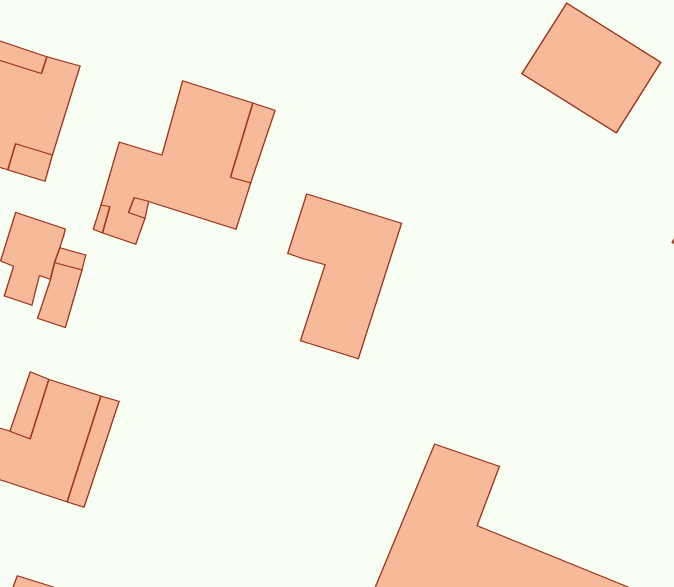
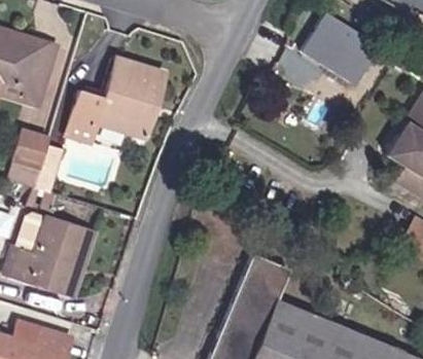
building: [288,194,401,359] -> none

